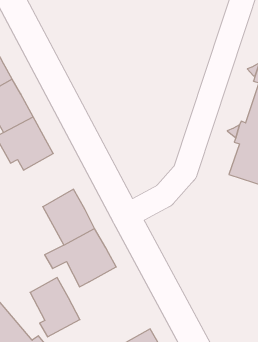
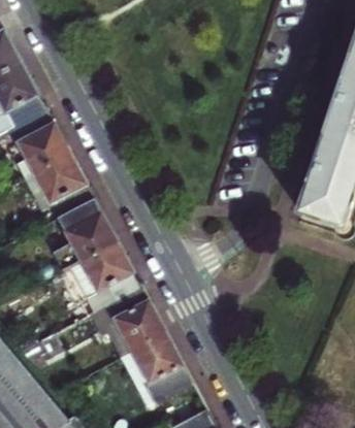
building: none -> [52,198,116,270]
building: [30,278,80,337] -> [134,332,193,402]

